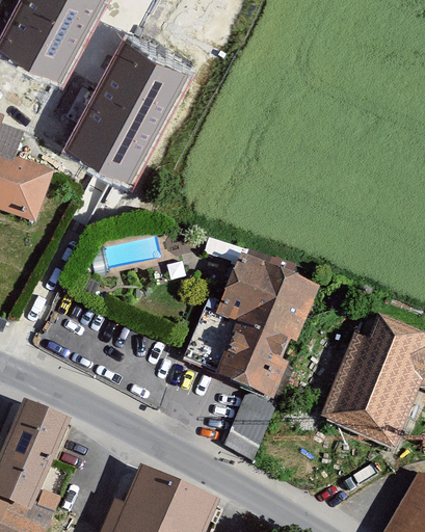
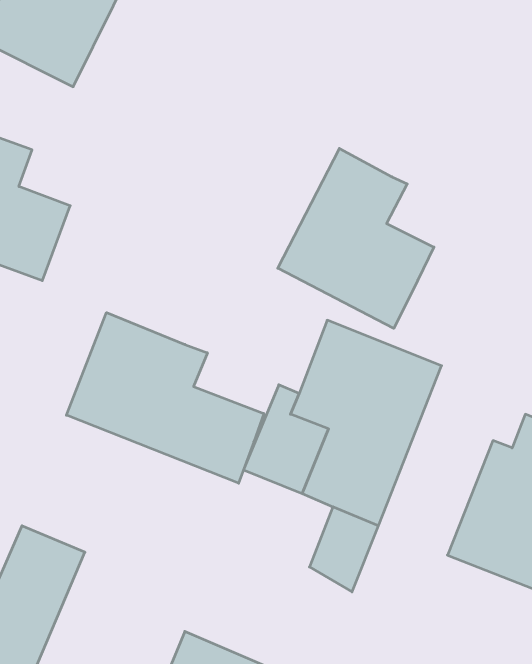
building: [65,35,192,185] -> none
building: none -> [278,148,434,328]
building: none -> [66,313,264,483]

